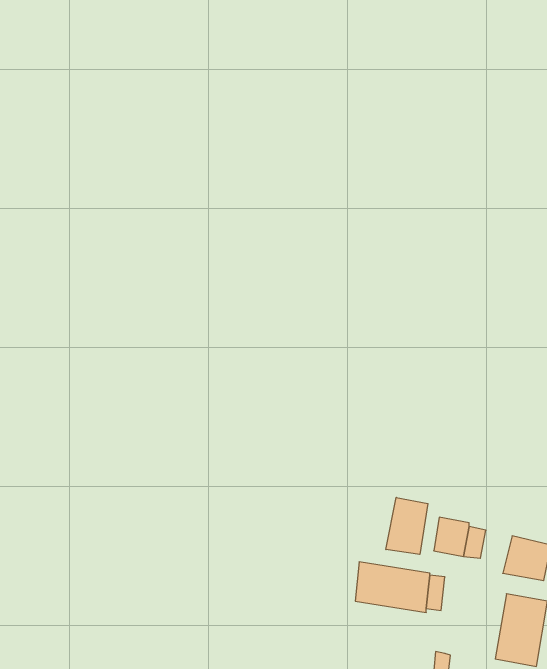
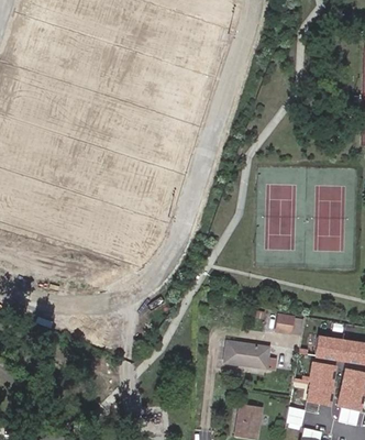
building: [386,497,428,554] -> none

